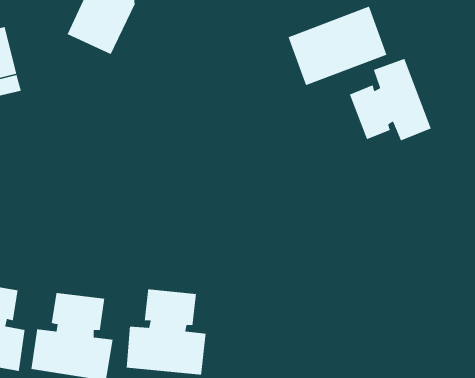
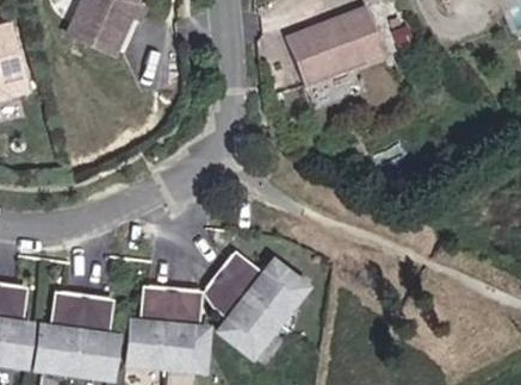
building: [349,58,432,142] -> none
building: none -> [203,254,305,358]

